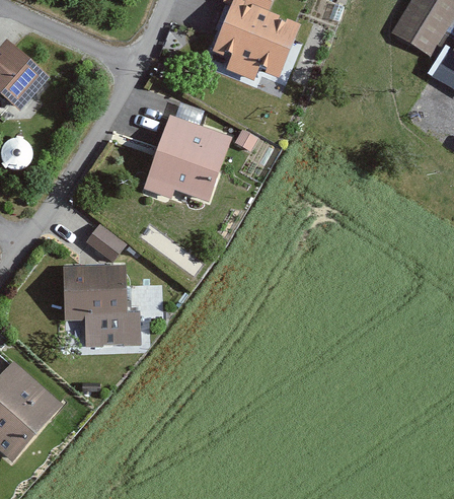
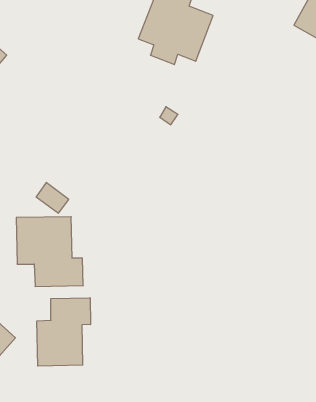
building: [147,121,228,197] -> none
building: none -> [37,298,90,366]

